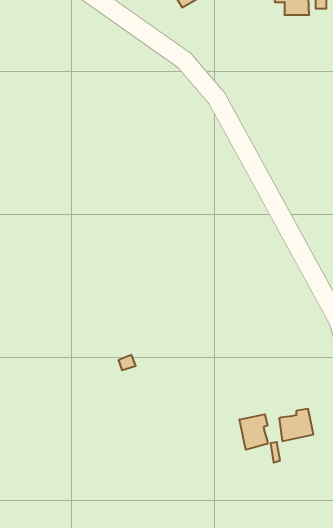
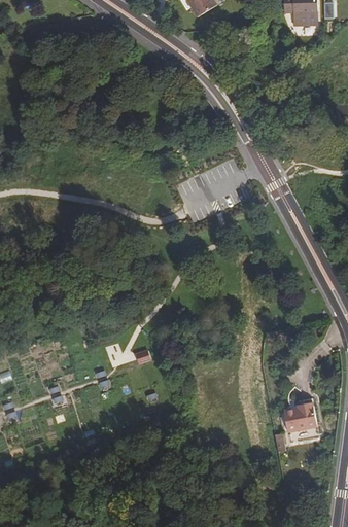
building: [240,414,268,450] -> none

